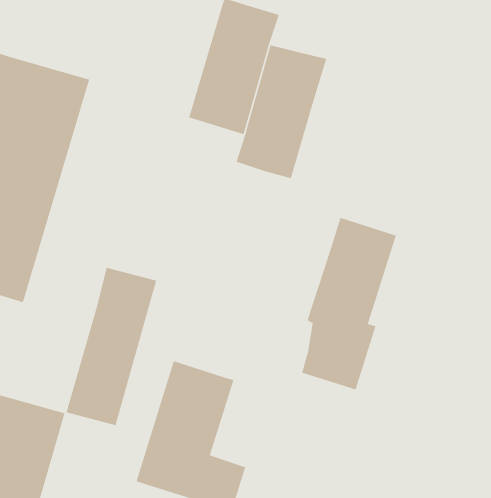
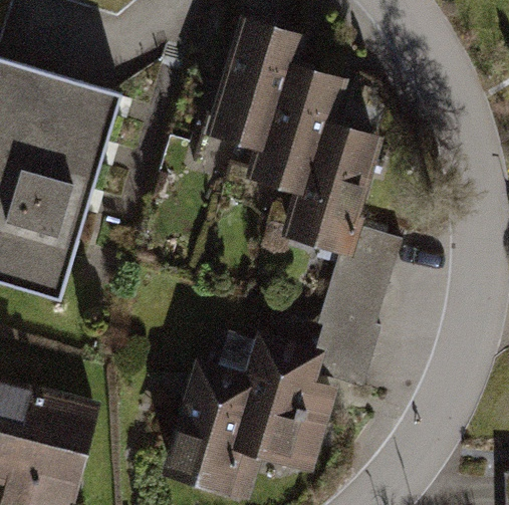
building: none -> [264,127,374,253]
building: [66,267,157,426] -> none
building: none -> [229,330,333,470]

